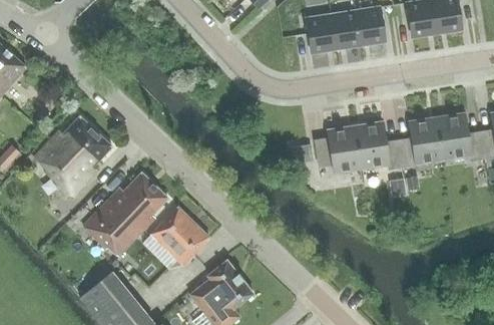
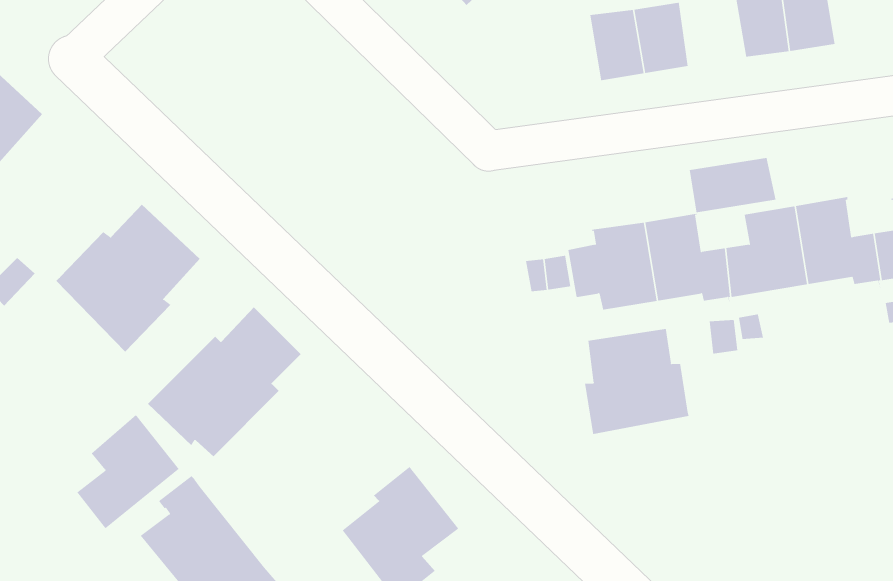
building: [301,13,331,53] -> none
building: none -> [689,157,776,213]
building: none -> [584,328,689,435]
building: [151,208,209,266] -> none
building: none -> [75,414,180,529]

